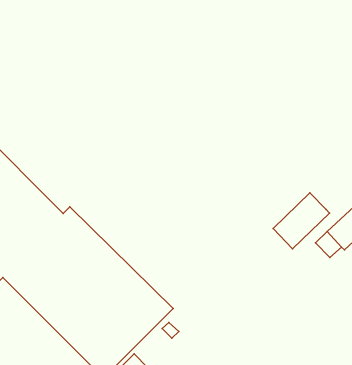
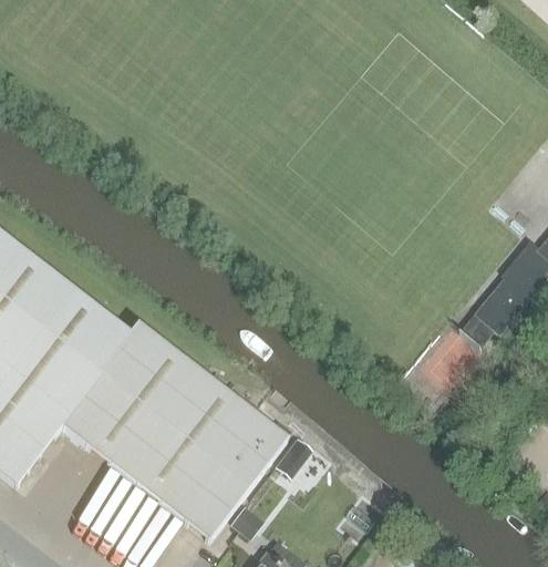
building: [273,193,329,249] -> none

